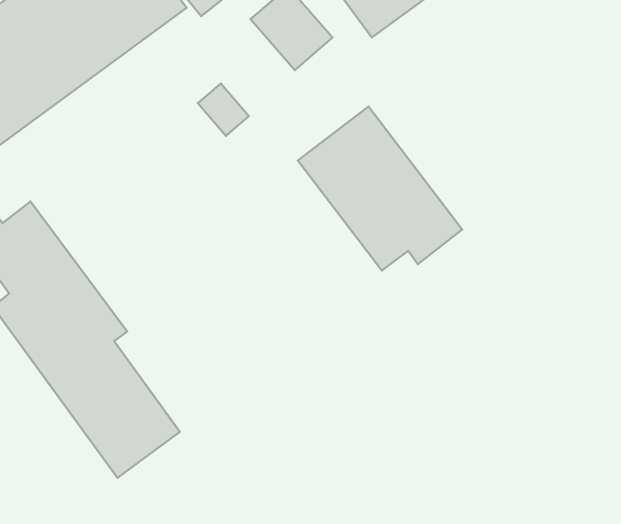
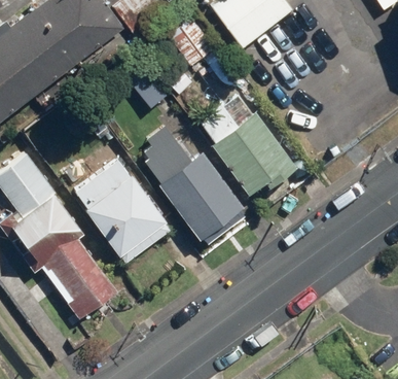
building: none -> [141,123,242,240]
building: none -> [74,156,173,261]

